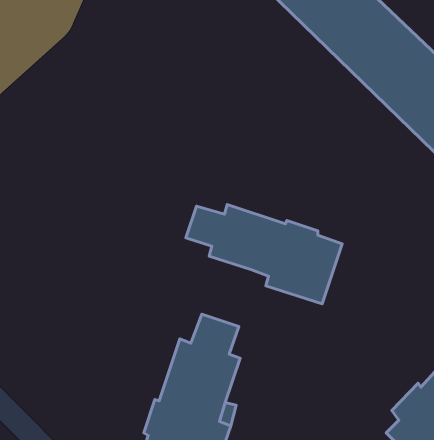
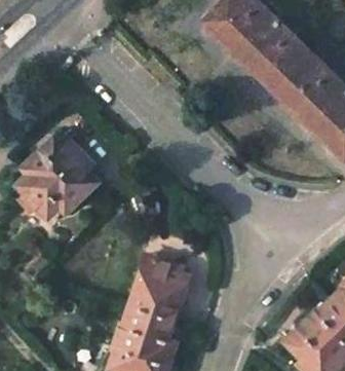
building: none -> [15,140,94,219]
building: [186,205,342,304] -> none

